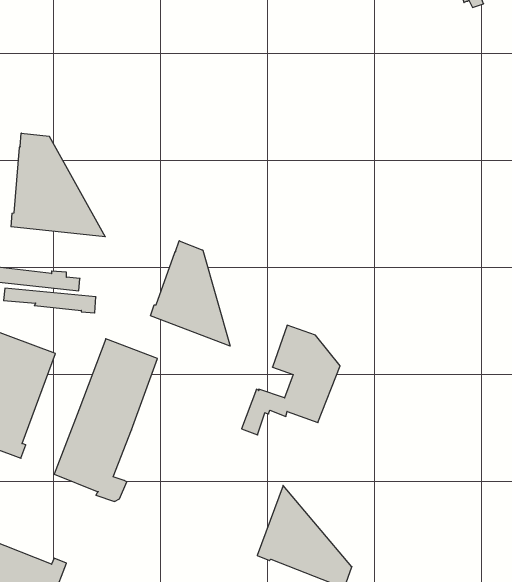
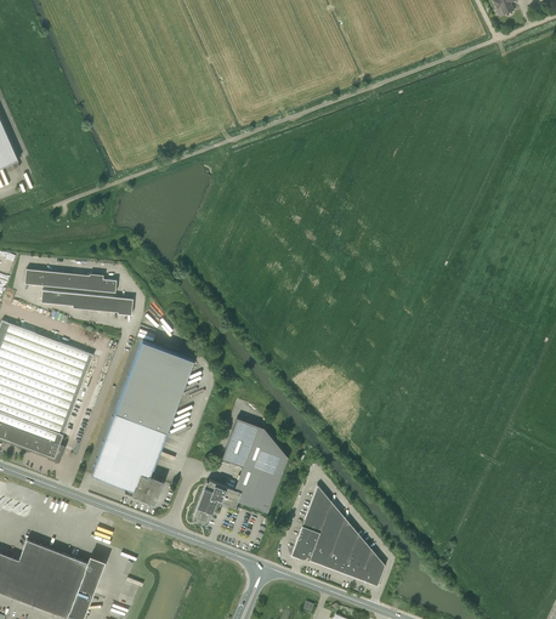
building: [11,133,105,237] -> none
building: [151,241,230,346] -> none
building: [242,325,340,435] -> [192,418,289,526]

